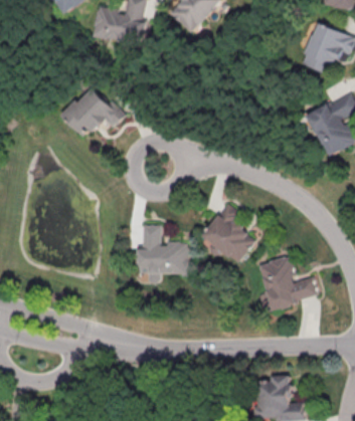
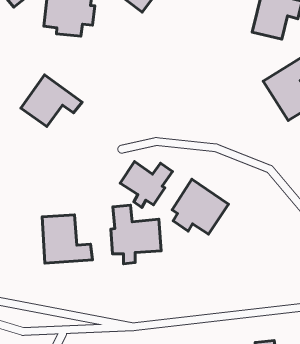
building: none -> [120,161,172,207]
building: none -> [42,215,93,263]
building: [259,256,319,308] -> none

